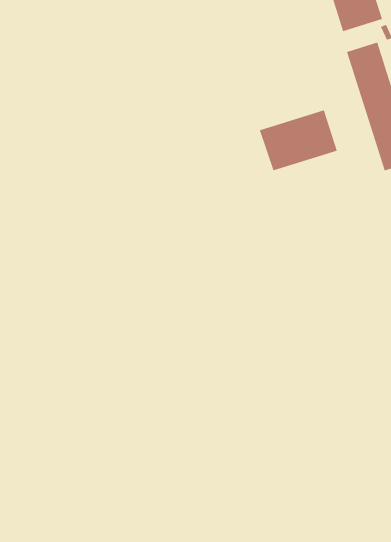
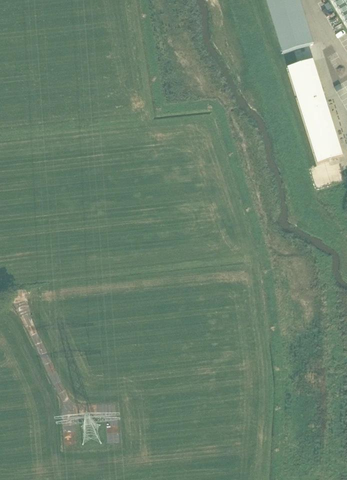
building: [259,109,338,171] -> none

